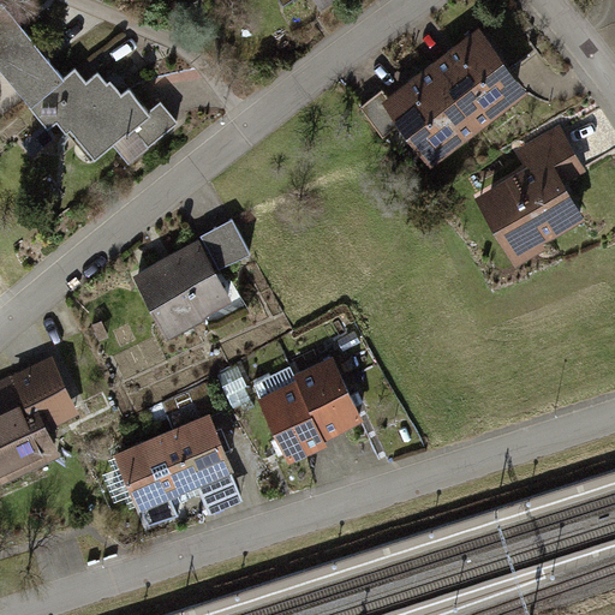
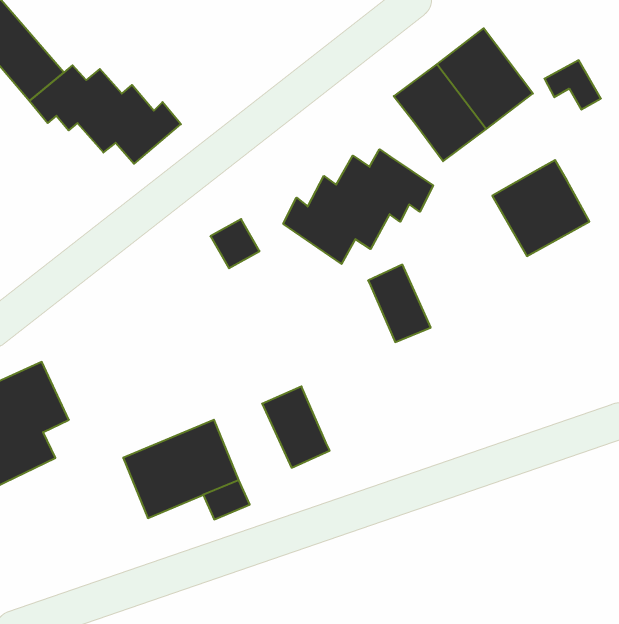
building: [358,91,406,142] -> none
building: [518,133,573,181] -> [544,60,601,110]
building: none -> [283,149,433,264]
building: [132,241,226,334] -> none
building: [292,362,353,437] -> [368,265,431,342]

